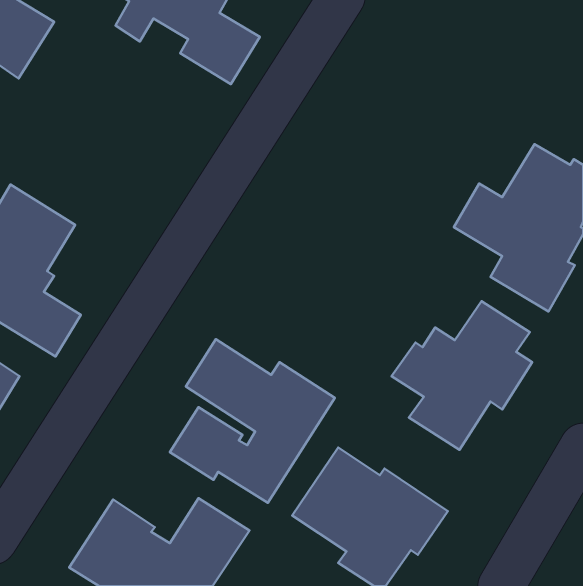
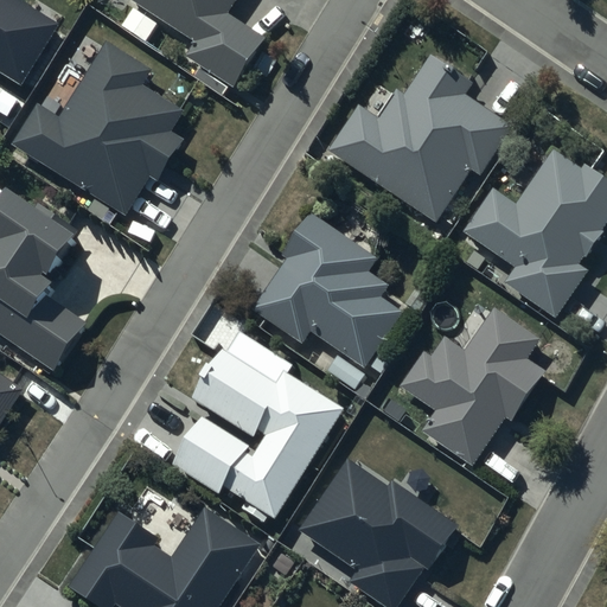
building: none -> [15,45,180,212]
building: none -> [331,56,515,217]
building: none -> [251,212,397,369]

